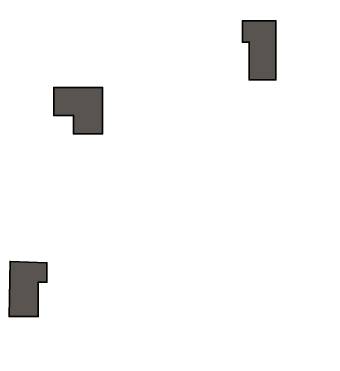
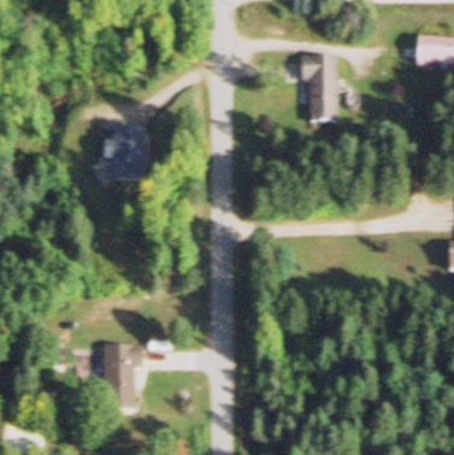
building: [9,262,47,317] -> [100,343,142,404]

